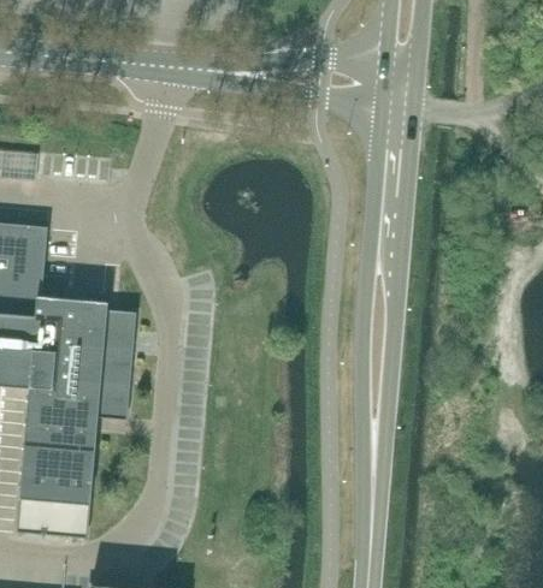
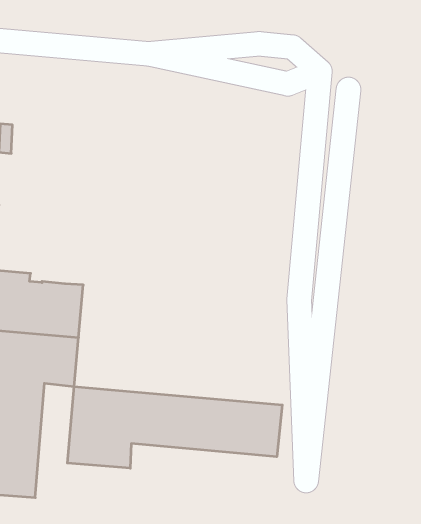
building: none -> [67,387,282,468]

